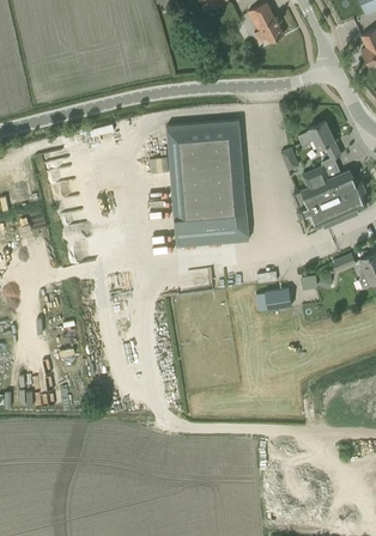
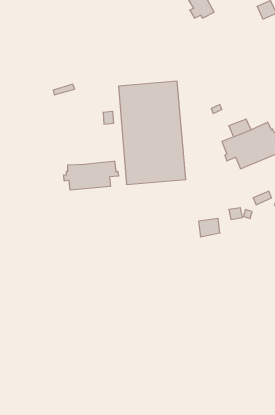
building: [298,121,340,162] -> none
building: none -> [64,161,119,190]

